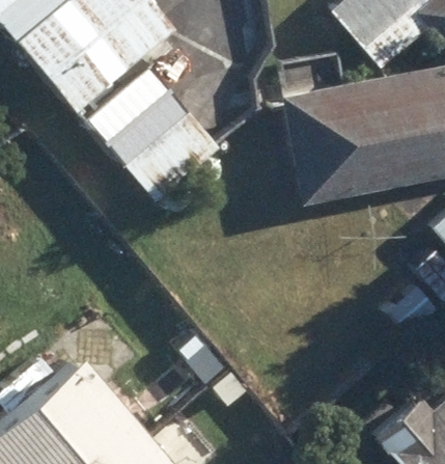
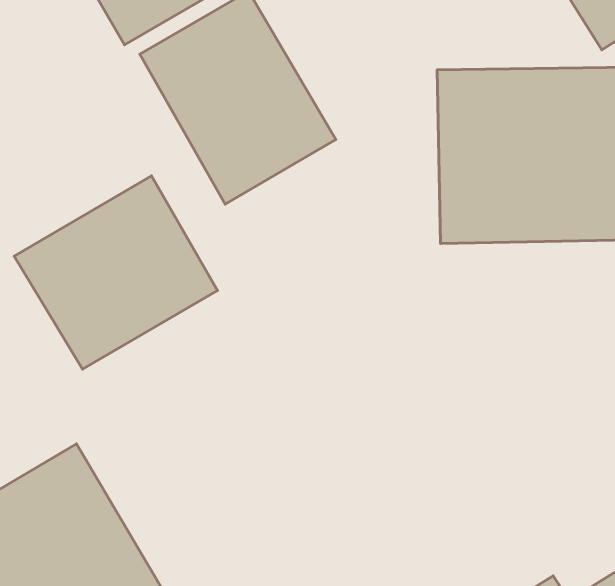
building: none -> [14,176,217,369]

